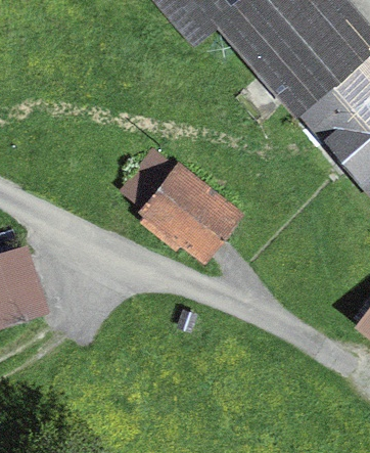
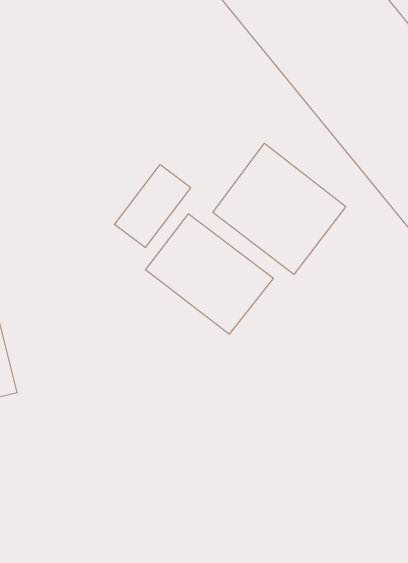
building: none -> [213,143,346,274]

